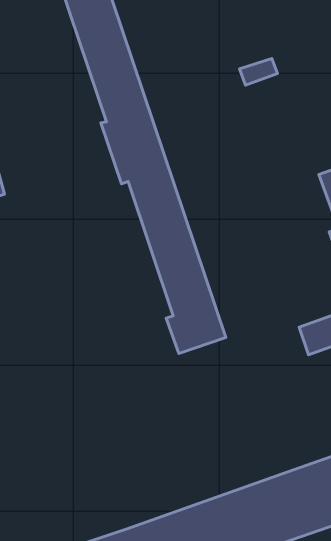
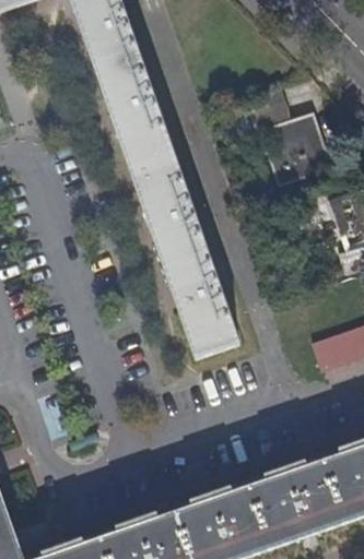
building: none -> [263,107,330,185]

